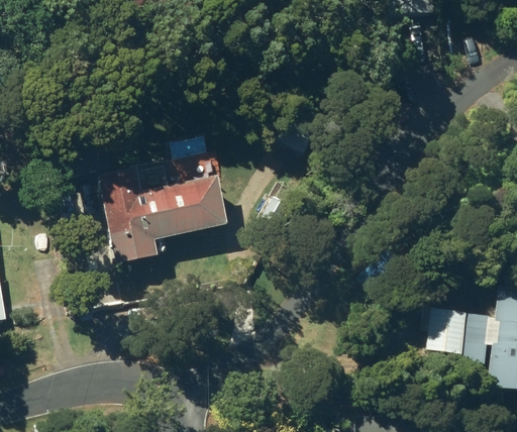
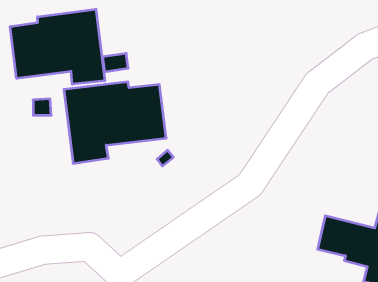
building: none -> [10,9,105,84]

